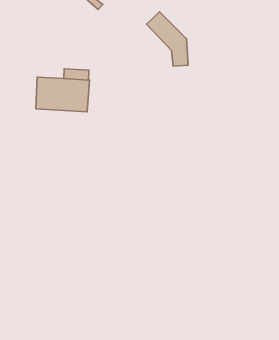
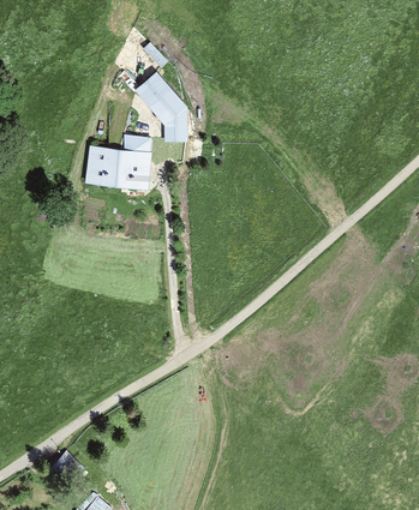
building: [146,12,188,66] -> [136,74,184,142]

